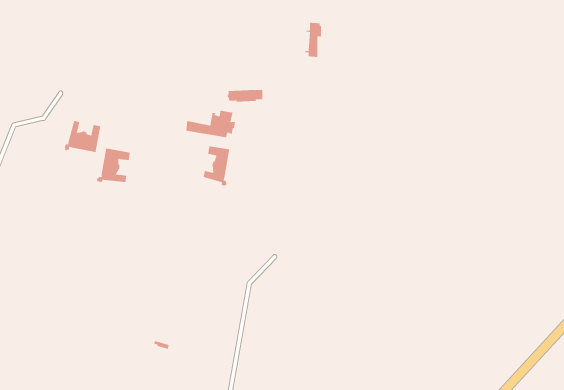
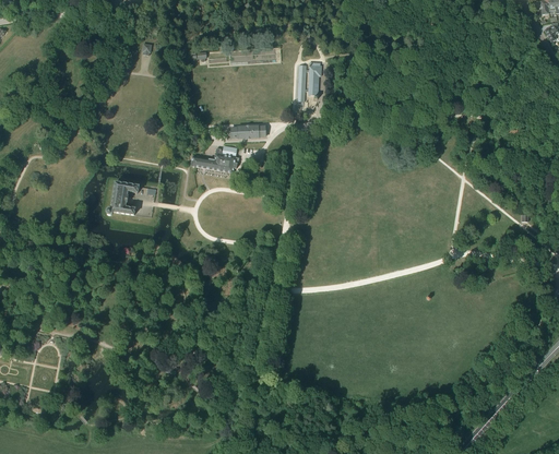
building: [64,120,101,153] -> none
building: [203,145,230,187] -> none

